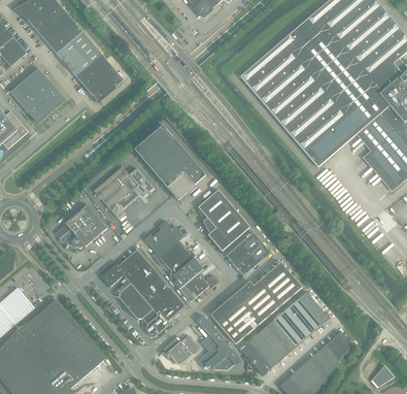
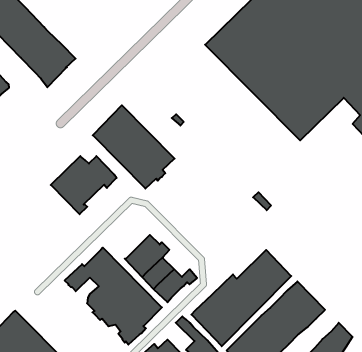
building: [198,190,249,251] -> none
building: [55,204,106,249] -> none
building: [143,221,183,261] -> none
building: [226,232,270,275] -> none

